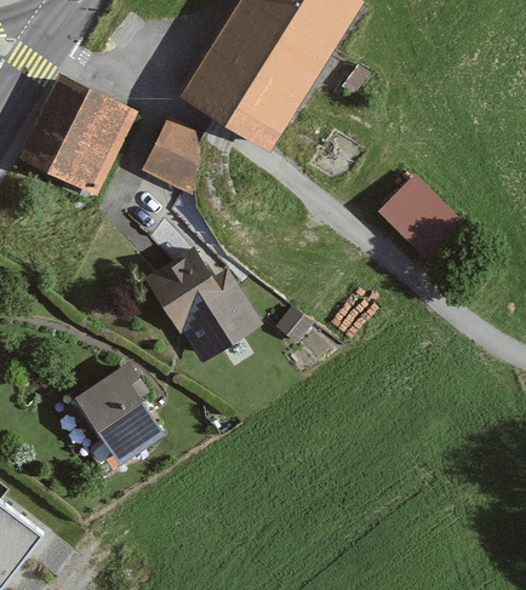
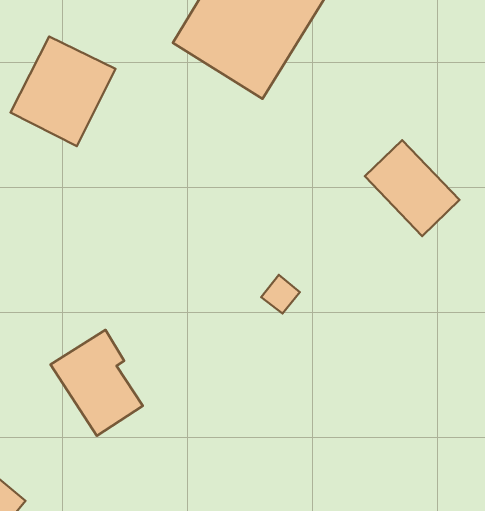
building: [149,118,198,187] -> none
building: [139,248,258,365] -> none

